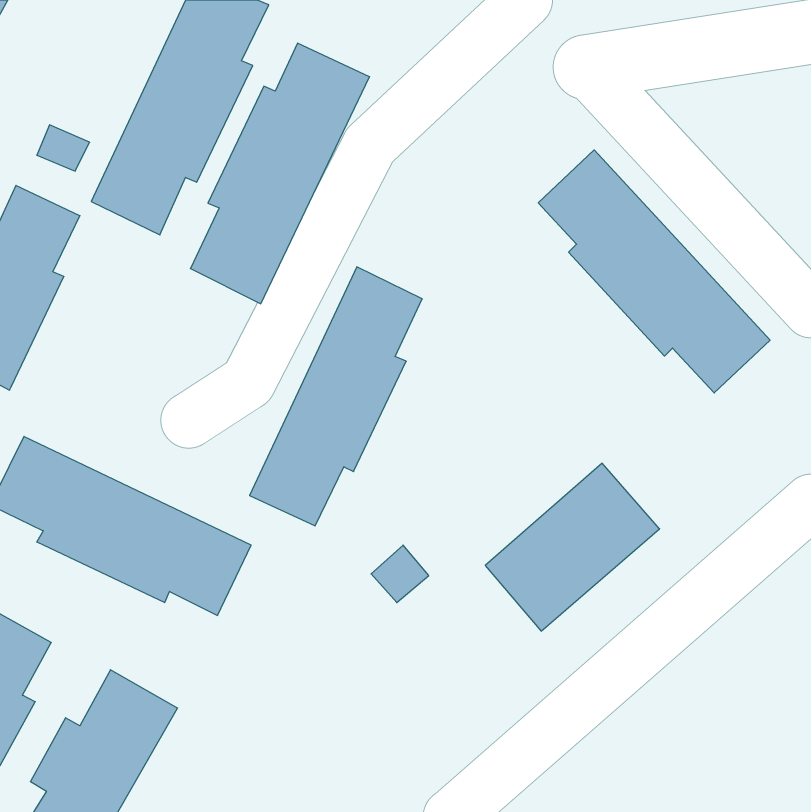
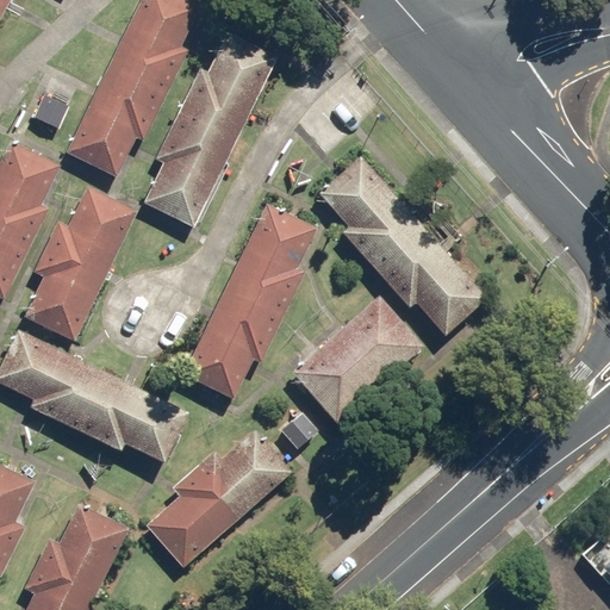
building: [538,150,770,393] -> [316,156,488,337]
building: none -> [21,186,137,346]
building: [485,463,660,631] -> [293,295,423,421]
building: none -> [147,431,292,566]

